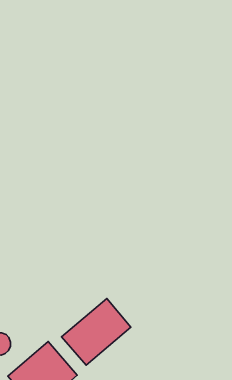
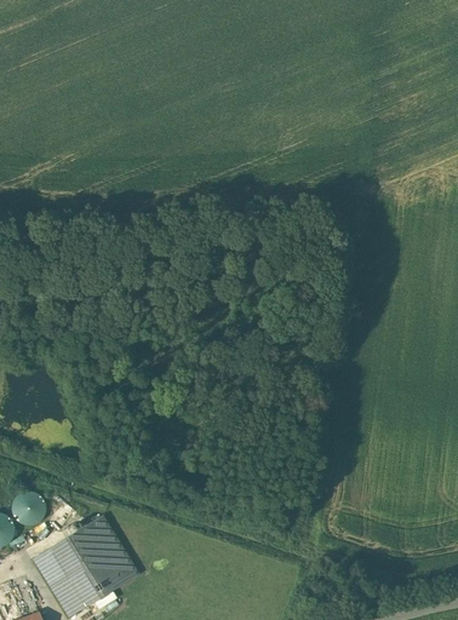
building: [62,299,131,365] -> none

